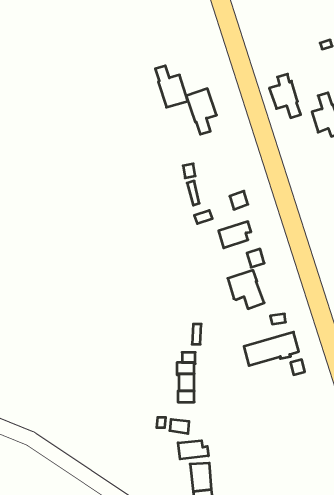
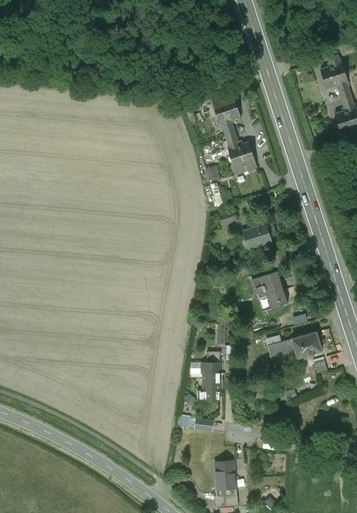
building: [155,66,188,107] -> [224,133,256,174]
building: [269,74,301,118] -> [319,55,350,98]
building: [178,441,208,459] -> none

